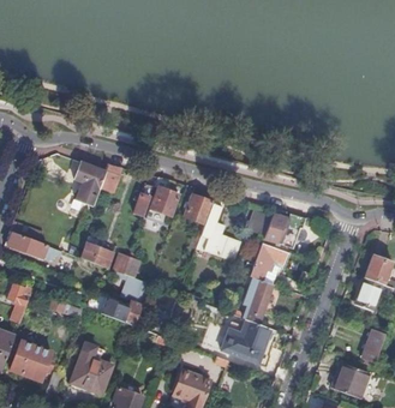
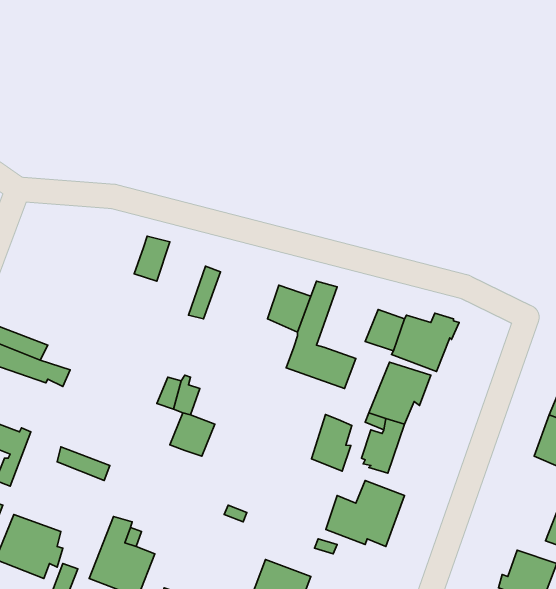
building: [73,161,106,203] -> none
building: [151,176,180,215] -> none
building: [82,242,115,268] -> none
building: none -> [312,414,352,471]
building: [102,298,143,325] -> none

